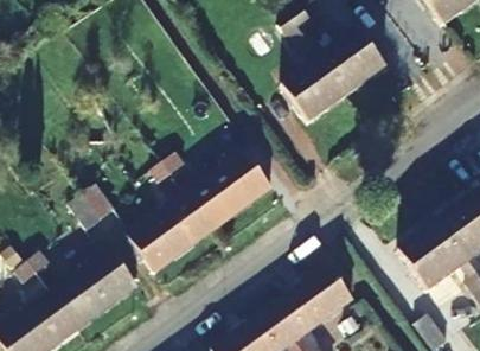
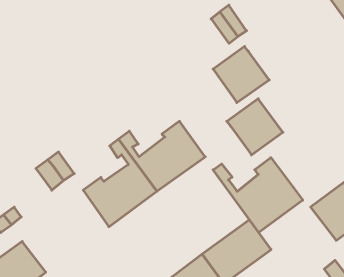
building: [320,30,388,97] -> [227,99,283,155]
building: none -> [213,158,303,232]
building: [52,244,139,328] -> none

